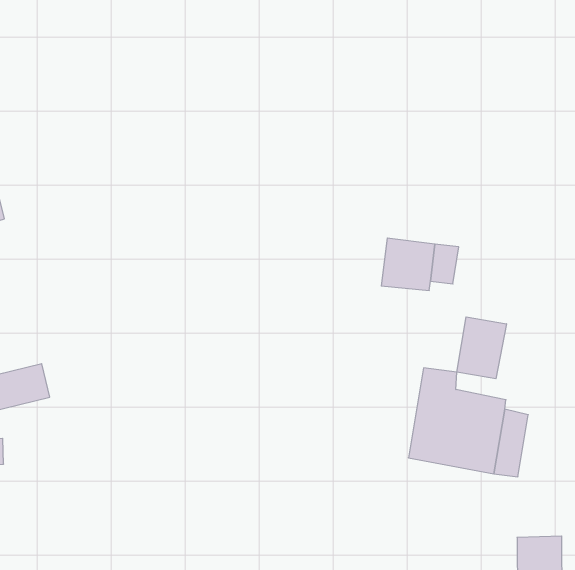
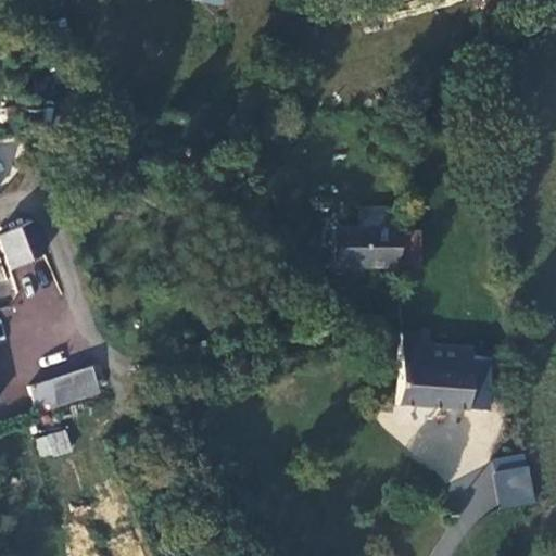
building: none -> [332,229,357,268]
building: [457,317,506,379] -> none

